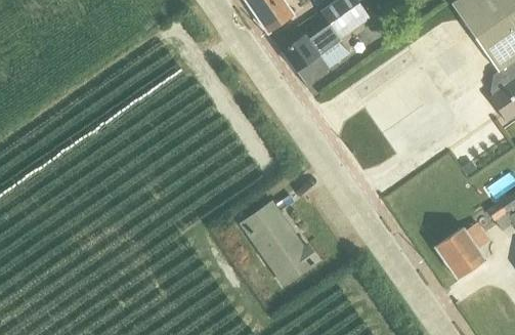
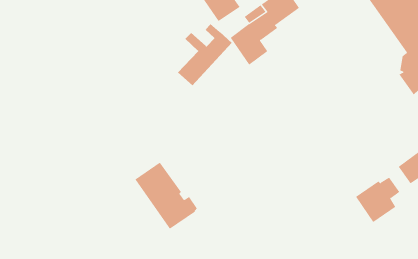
building: none -> [177,23,233,86]
building: [241,203,318,286] -> [134,162,198,230]

